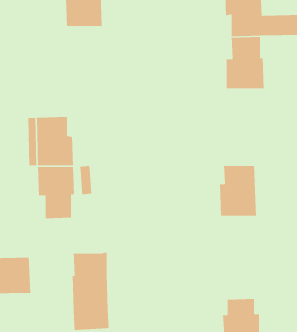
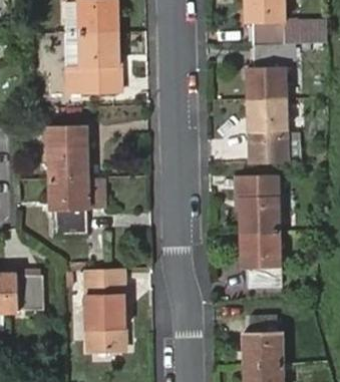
building: none -> [81,33,121,94]
building: none -> [248,98,289,154]
building: none -> [242,231,281,287]

